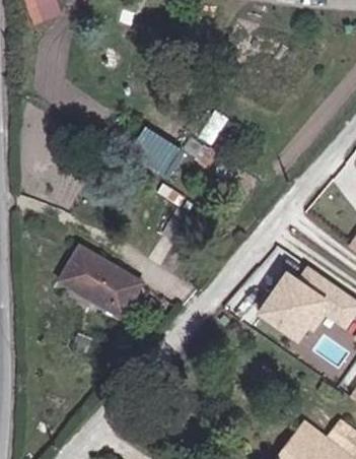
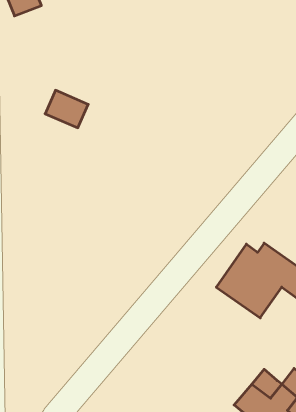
building: [133,129,180,170] -> [45,90,88,128]
building: [58,247,136,315] -> none

